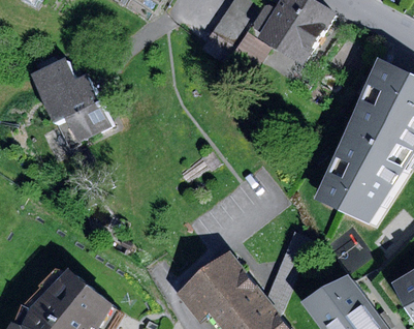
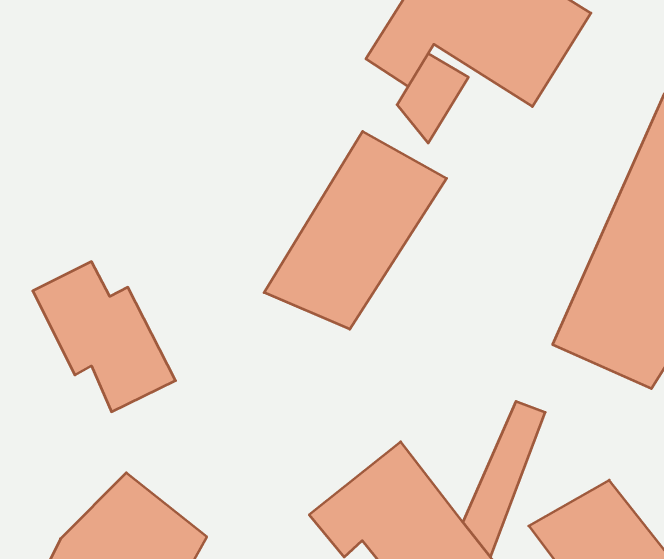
building: [31,57,112,142] -> [33,262,176,412]
building: none -> [264,131,447,329]

